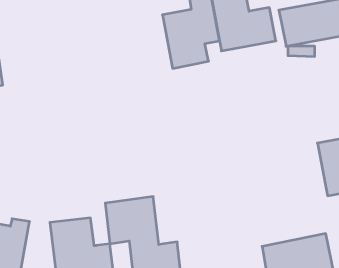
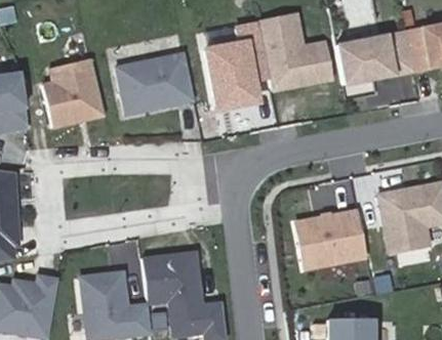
building: none -> [116,53,194,115]
building: none -> [42,59,104,127]
building: none -> [296,212,366,269]

